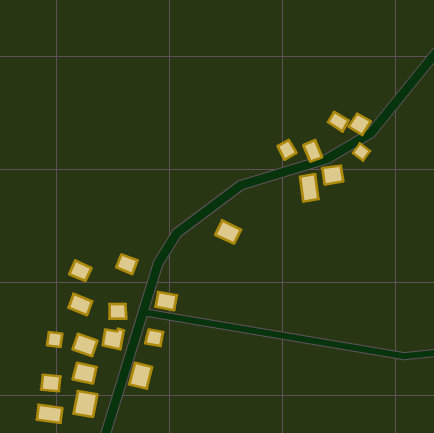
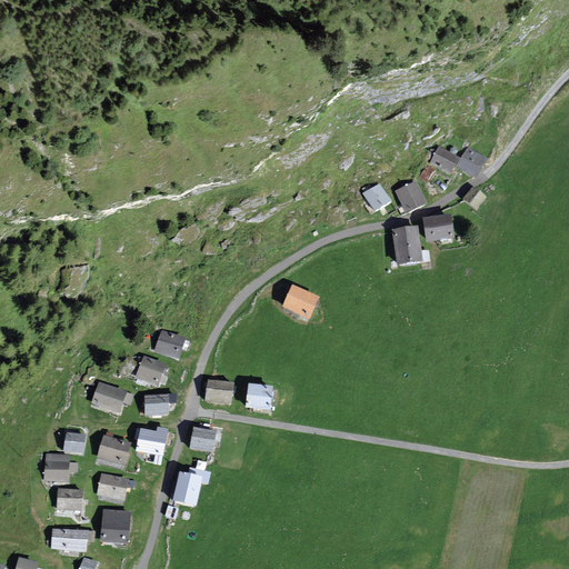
building: [69,260,91,281] -> [134,357,163,383]
building: none -> [246,386,271,409]
building: none -> [44,452,69,478]

